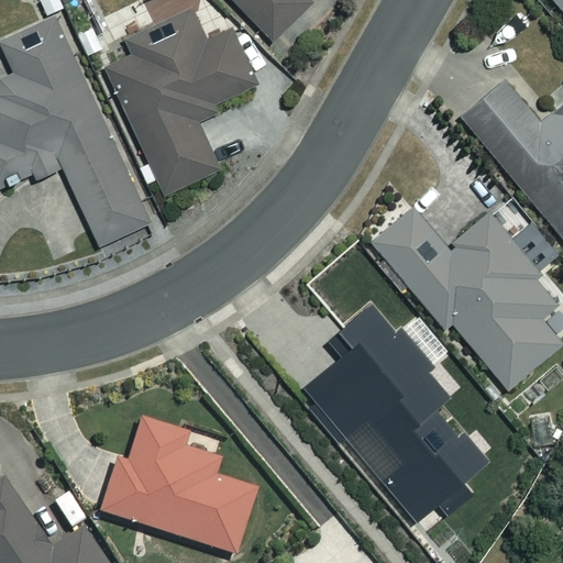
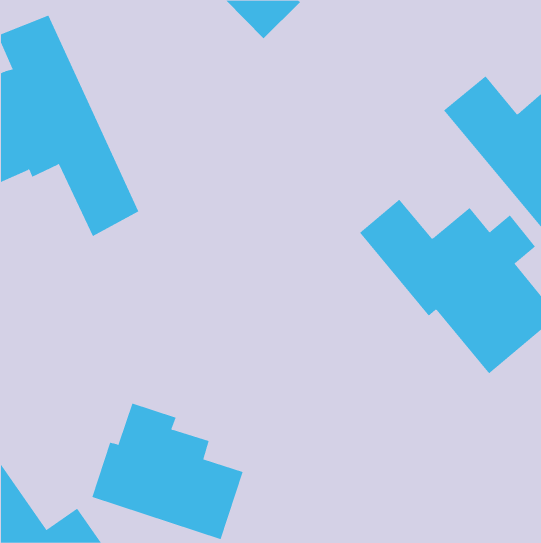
building: [107,19,257,194] -> none
building: [295,298,485,529] -> none

